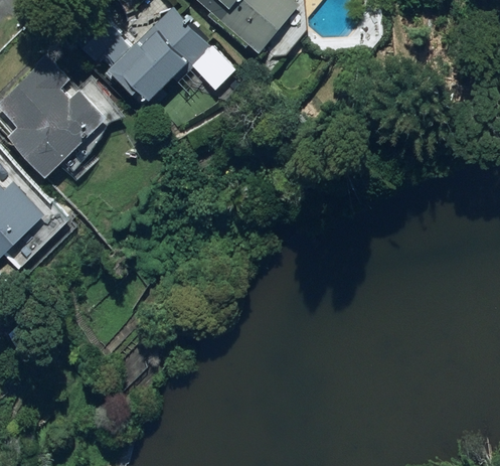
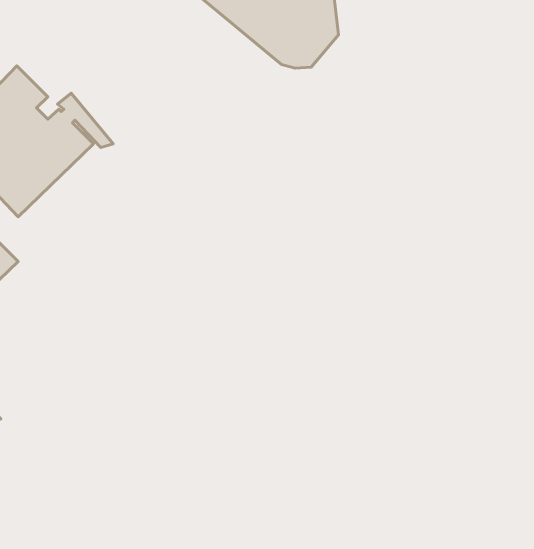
building: [107,7,233,101] -> none

